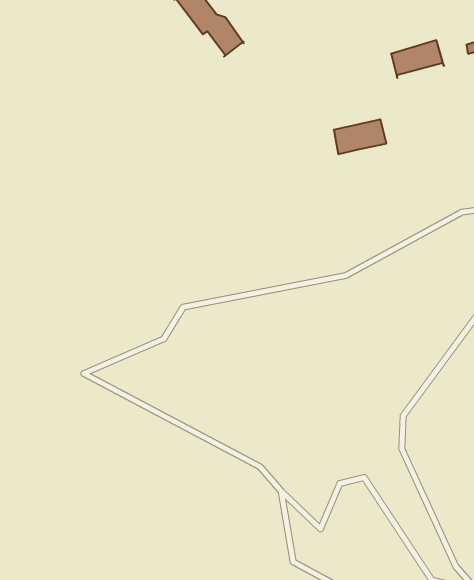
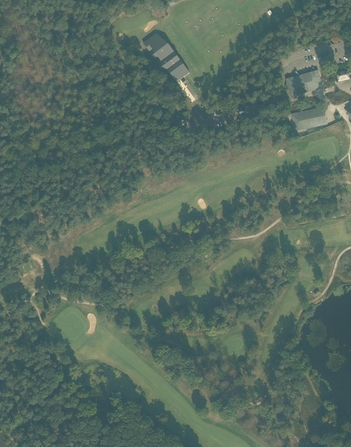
building: [334,119,386,154] -> [292,106,327,129]

